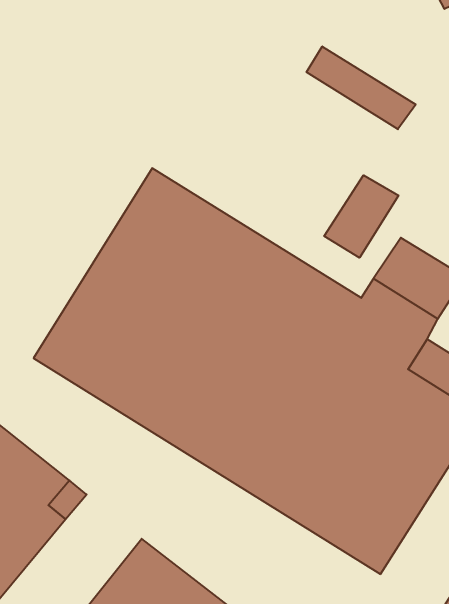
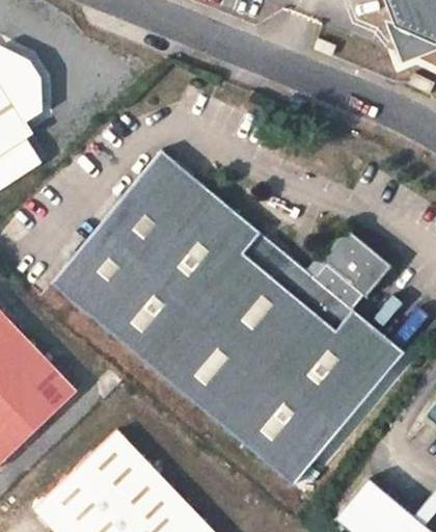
building: [307,46,416,129] -> none
building: [324,175,398,258] -> none

